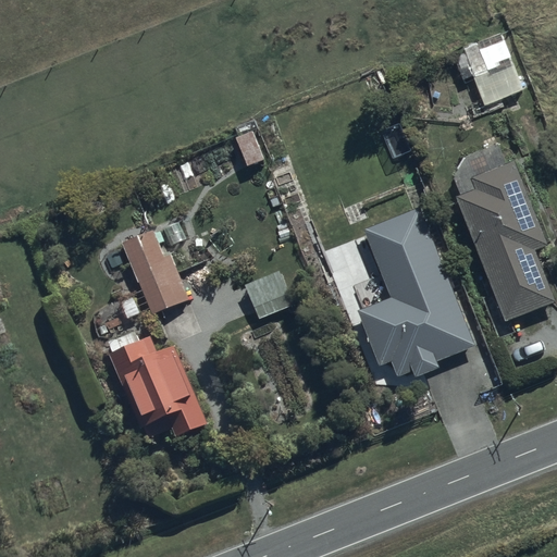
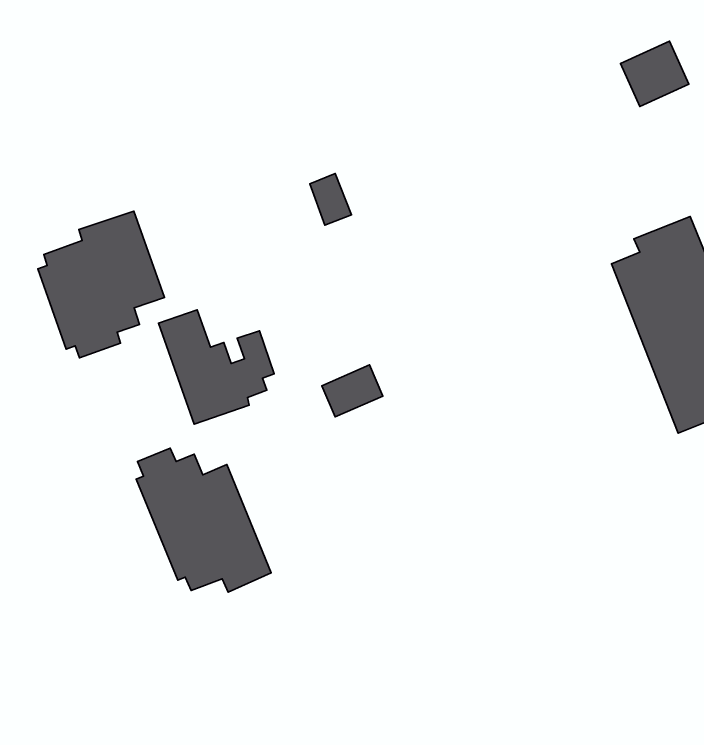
building: none -> [38,211,164,358]
building: [355,207,476,377] -> none

